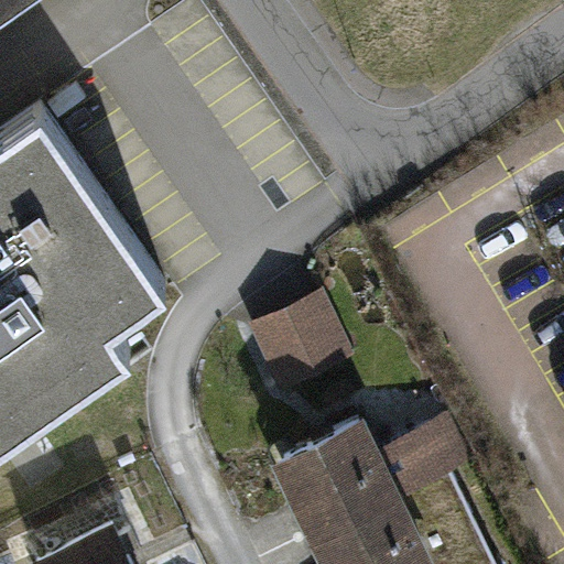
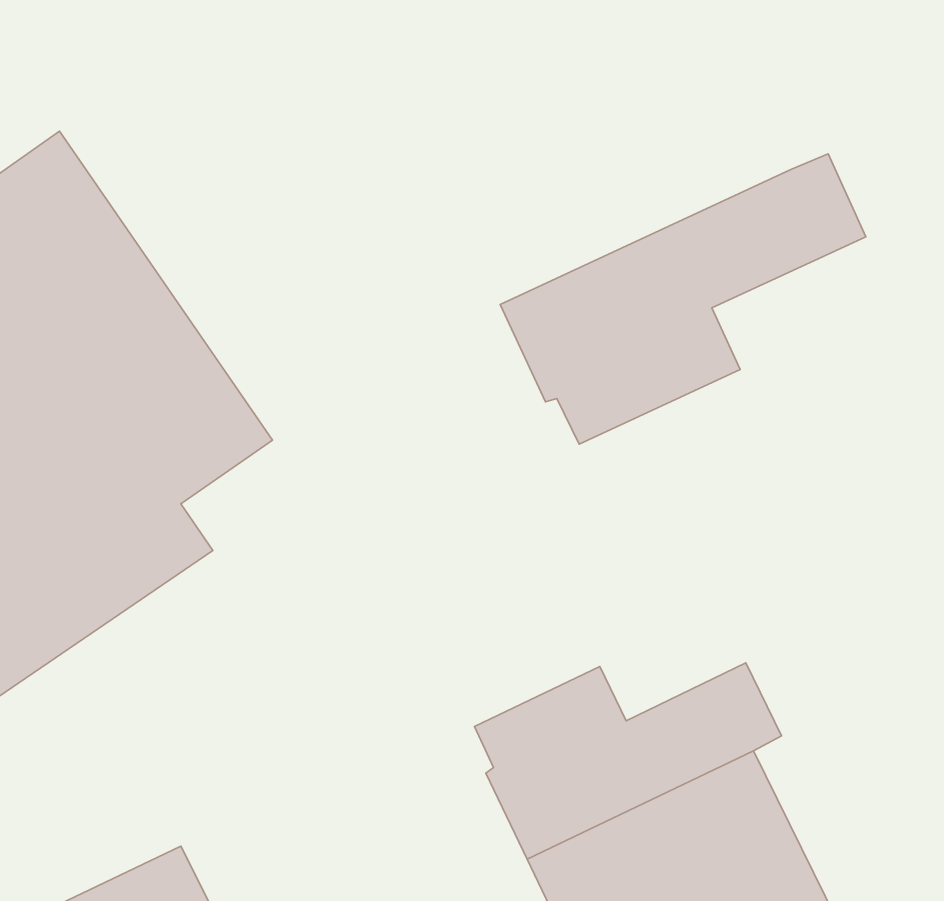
building: none -> [500,154,866,444]
building: [256,302,343,386] -> none

